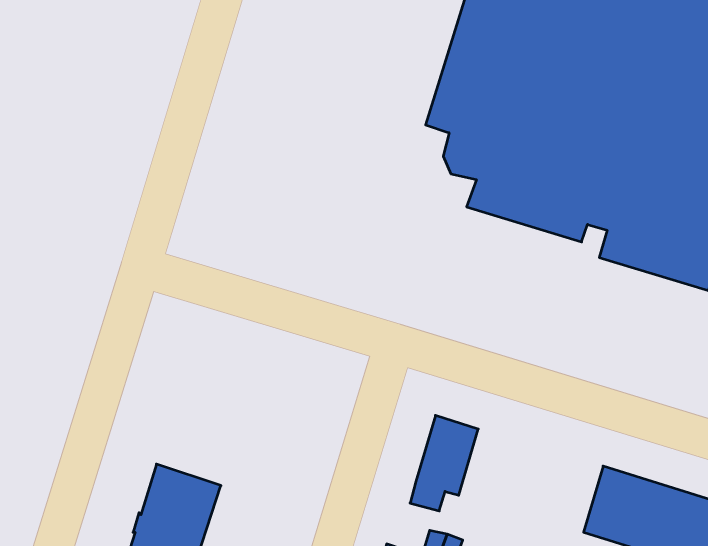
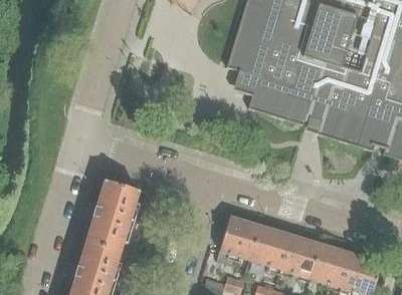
building: none -> [87,181,139,251]
building: none -> [243,222,318,275]

